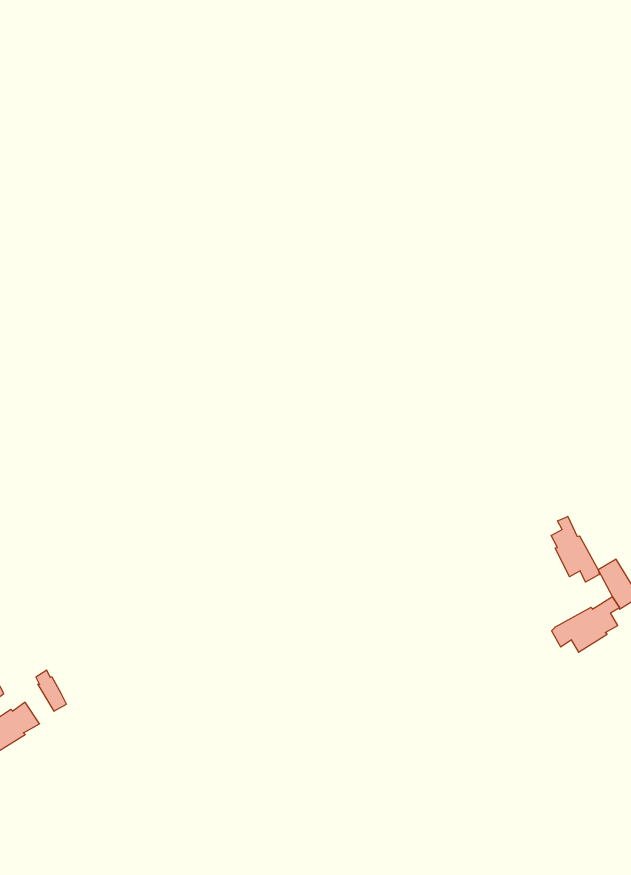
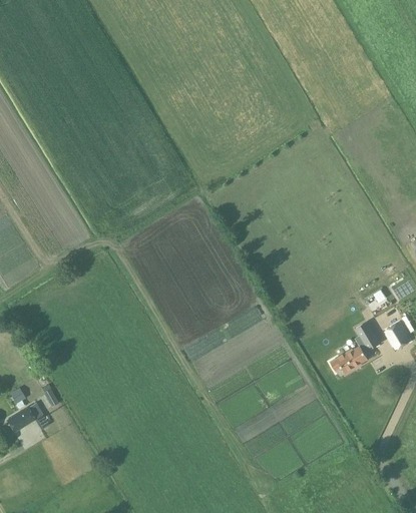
building: [551,516,599,582] -> none

